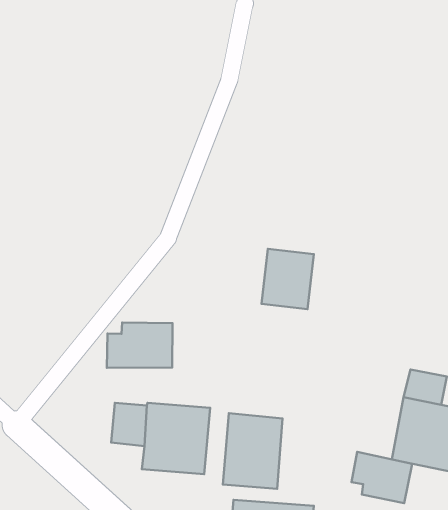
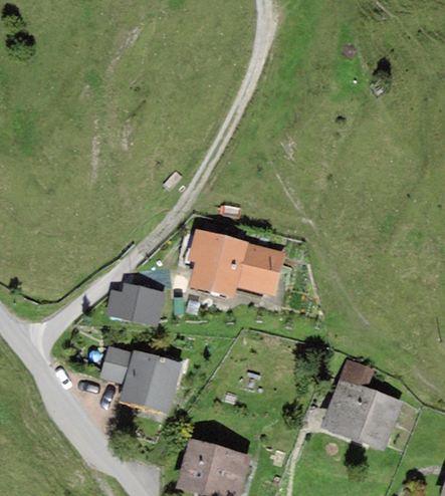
building: none -> [187,227,248,297]
building: [223,413,283,489] -> none
building: [352,452,412,503] -> none

